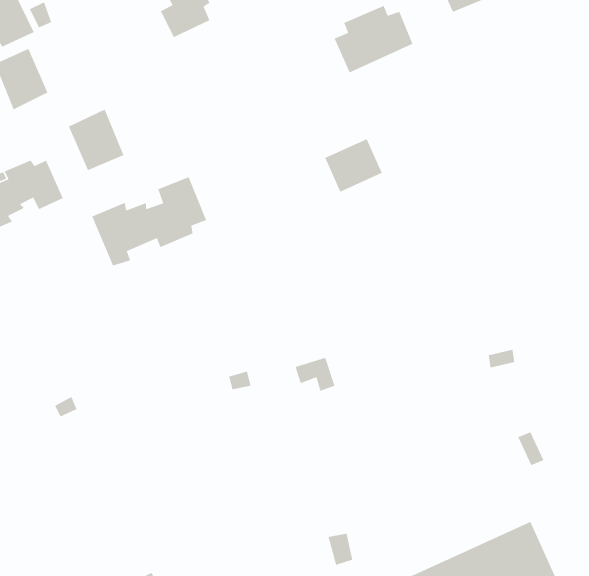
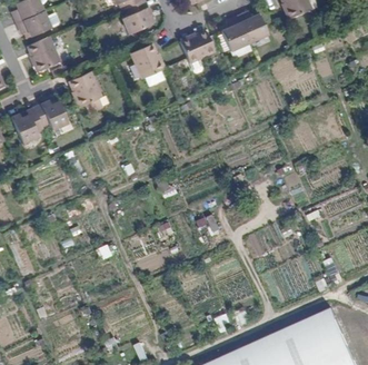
building: none -> [128,46,160,87]
building: [324,138,383,193] -> [177,33,210,65]
building: [91,176,207,267] -> none

